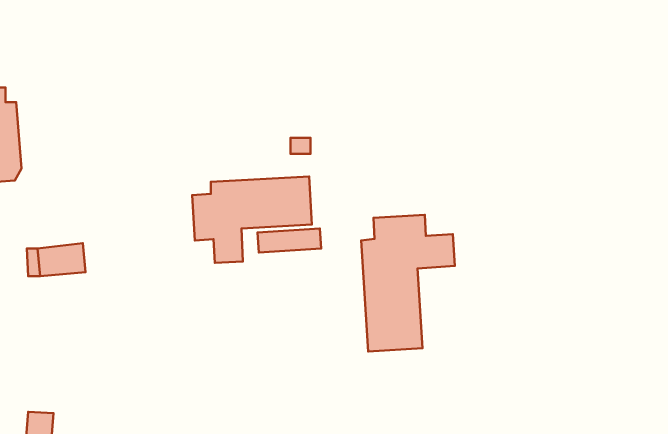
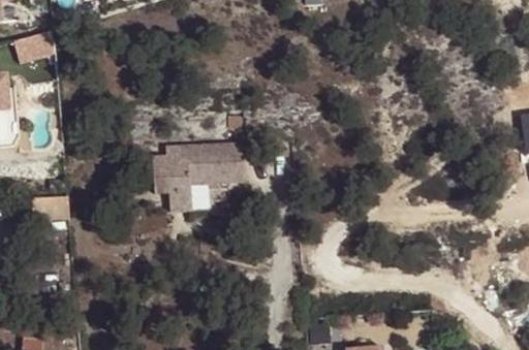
building: none -> [13,28,59,62]
building: [361,215,455,352] -> none

